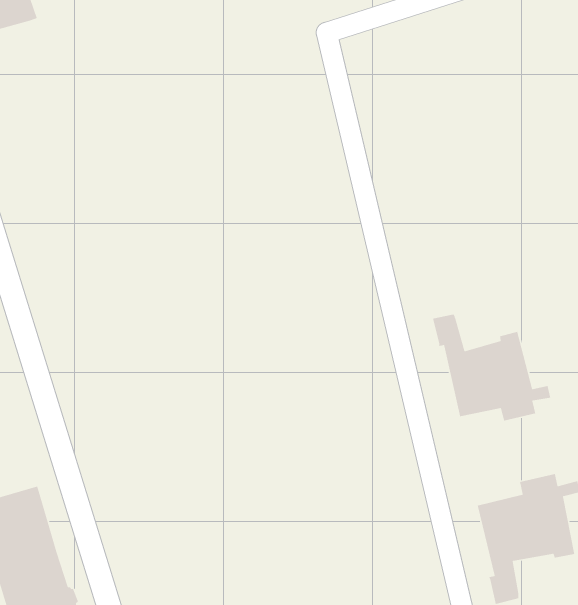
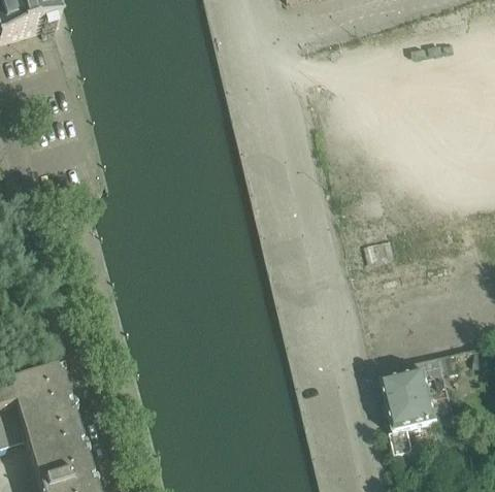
building: [432,313,551,422] -> none

